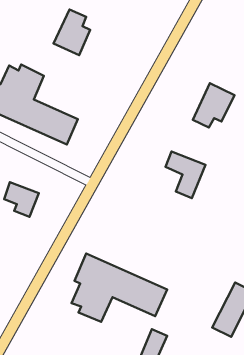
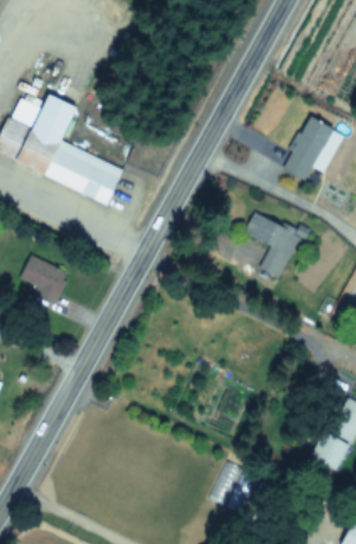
building: [54,9,90,55] -> none
building: [72,254,167,322] -> none

